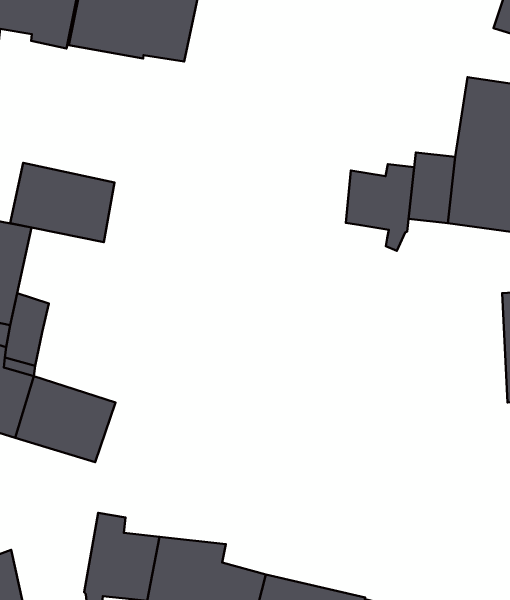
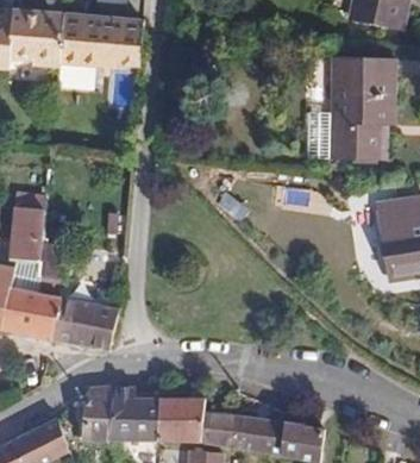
building: [10,163,114,242] -> none
building: [346,164,414,251] -> none
building: none -> [70,383,115,442]

